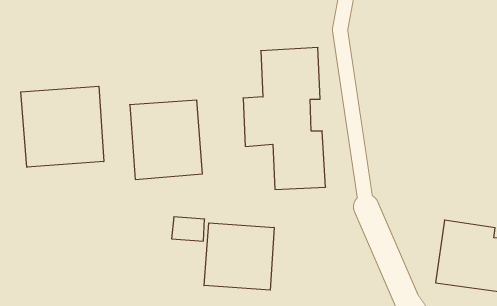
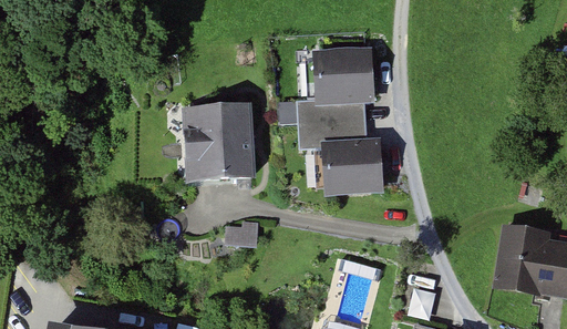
building: [21,86,104,167] -> none
building: [204,223,274,290] -> none

